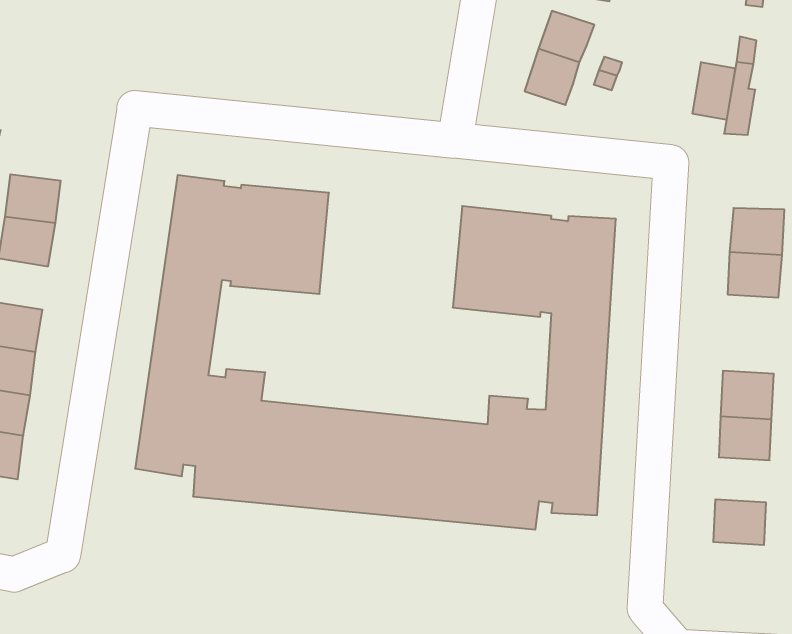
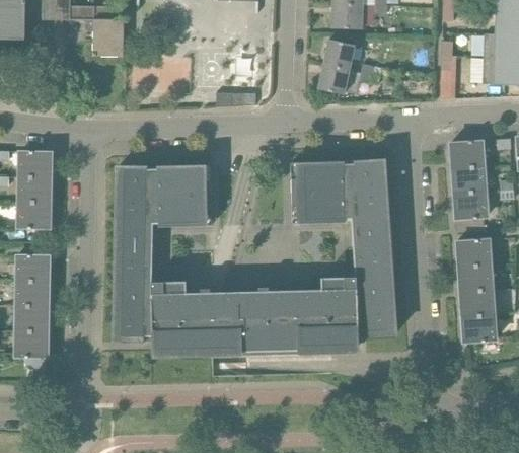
building: [693,62,735,120] -> none
building: none -> [19,151,51,177]
building: none -> [454,193,487,220]
building: none -> [461,290,493,317]

